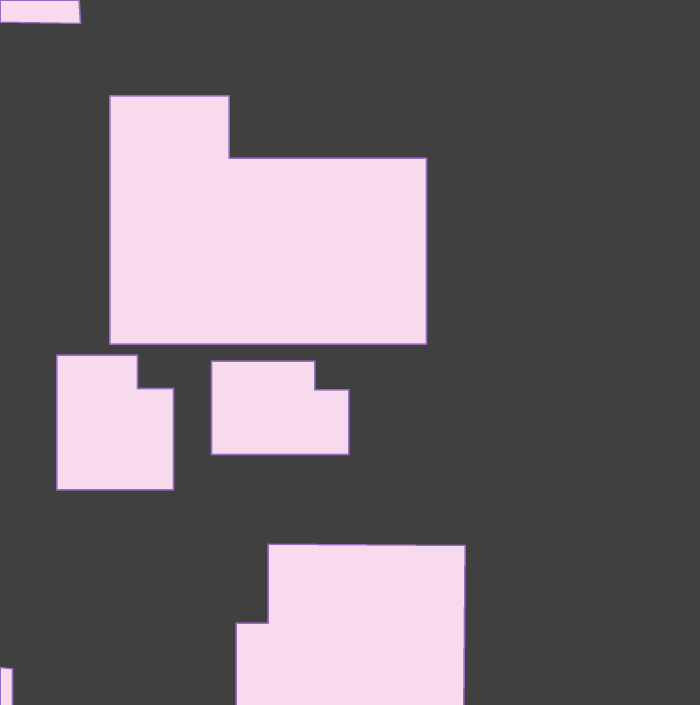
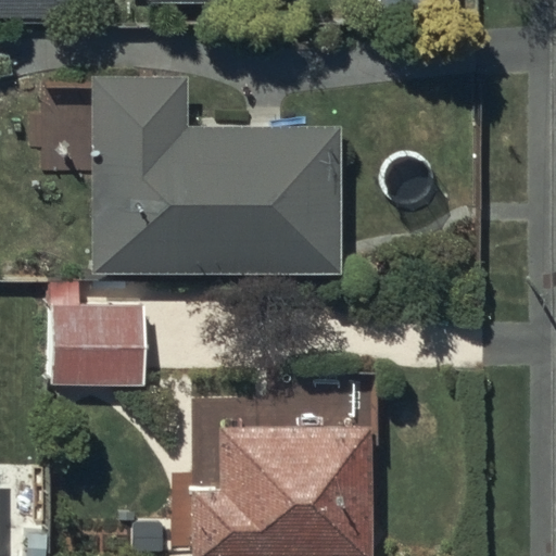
building: [211,361,349,454] -> none

